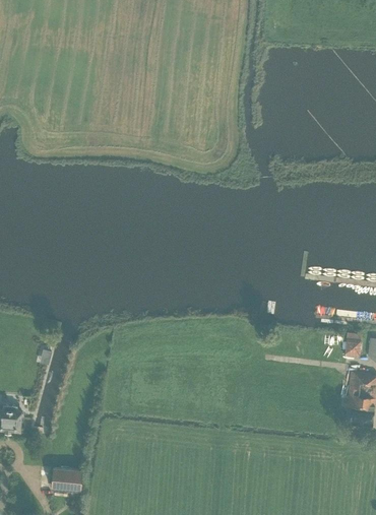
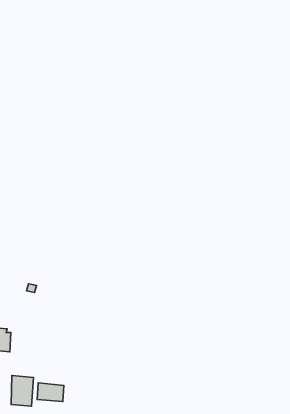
building: none -> [11,376,33,406]

